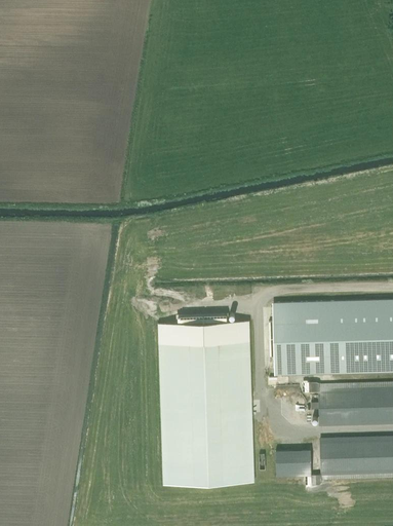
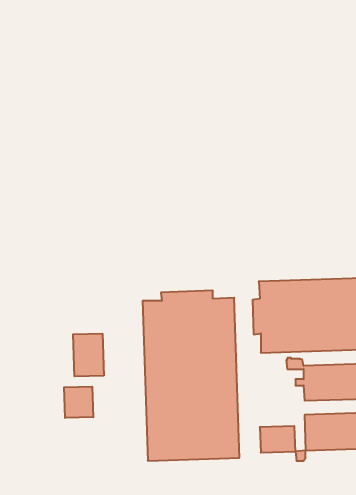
building: none -> [73,334,104,376]
building: none -> [64,387,93,418]

